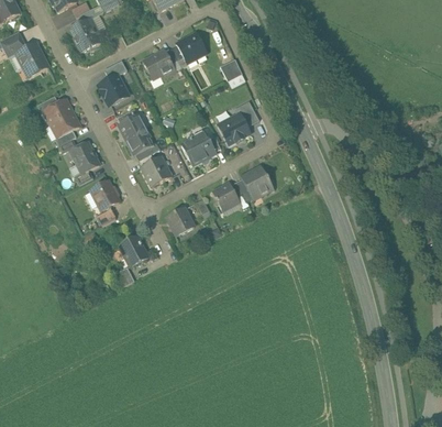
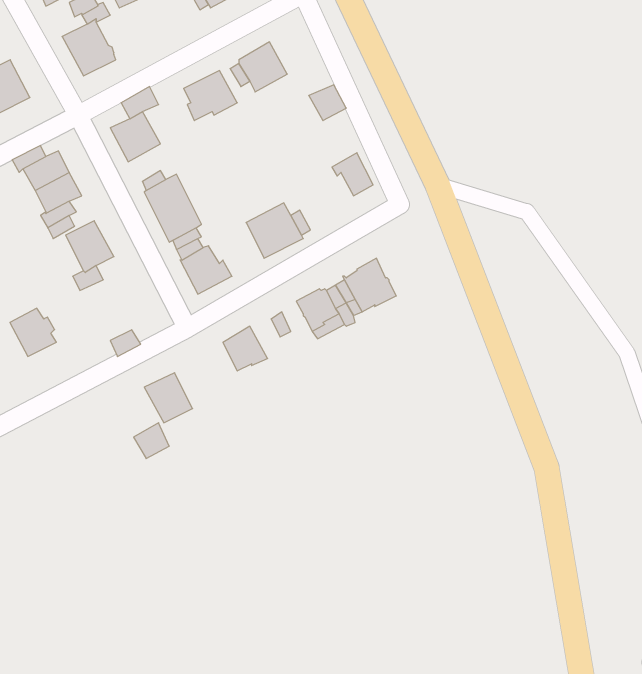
building: [219,112,250,144] -> none
building: [91,180,120,210] -> [10,308,56,356]

